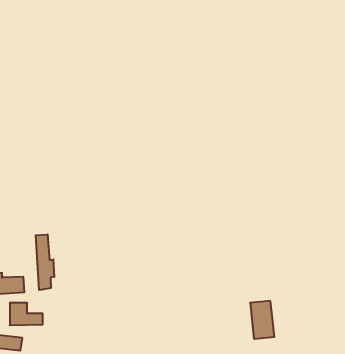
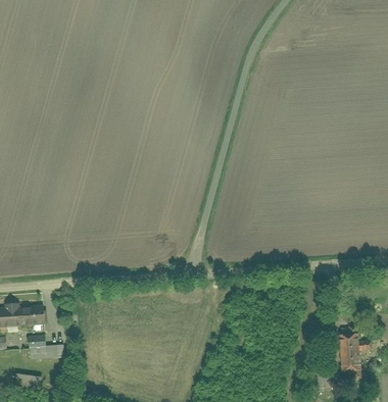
building: [36,234,54,290] -> none
building: [250,301,274,339] -> [336,333,361,372]

